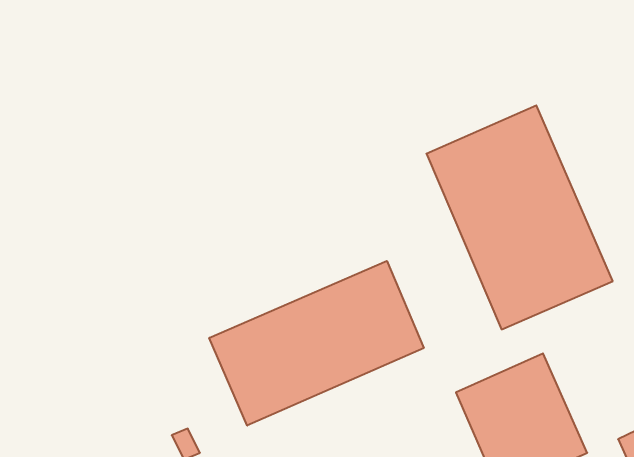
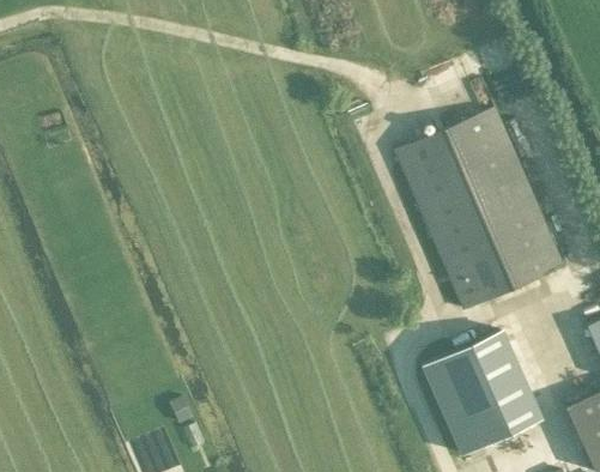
building: [209,261,424,426] -> none

